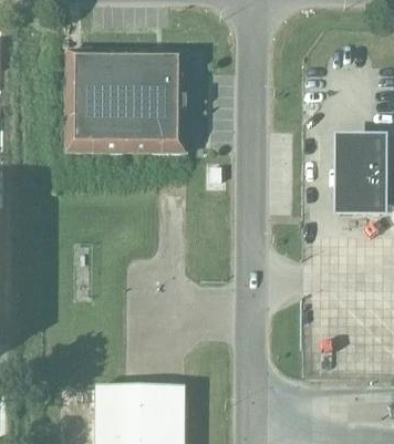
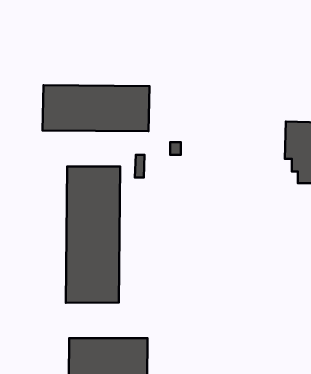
building: [65,49,185,101] -> none
building: none -> [66,166,120,303]

